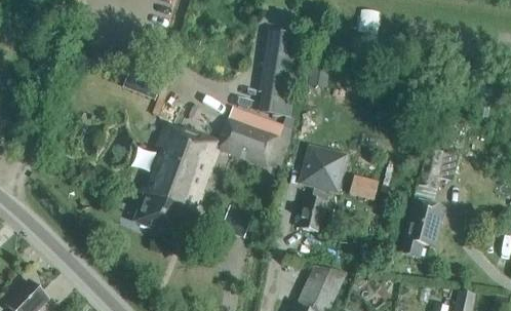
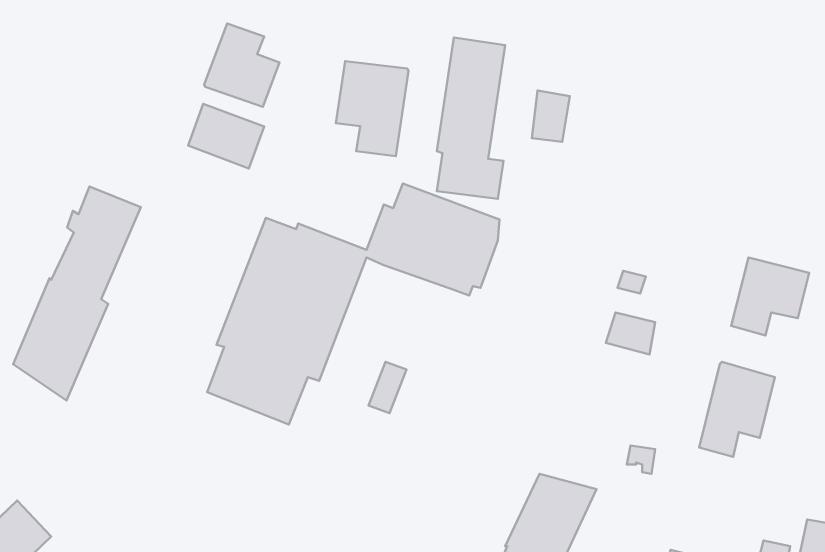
building: none -> [204,23,280,107]
building: none -> [336,61,409,156]
building: none -> [13,186,141,400]
building: [299,149,344,231] -> none

